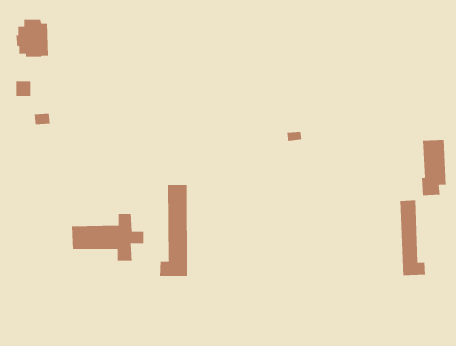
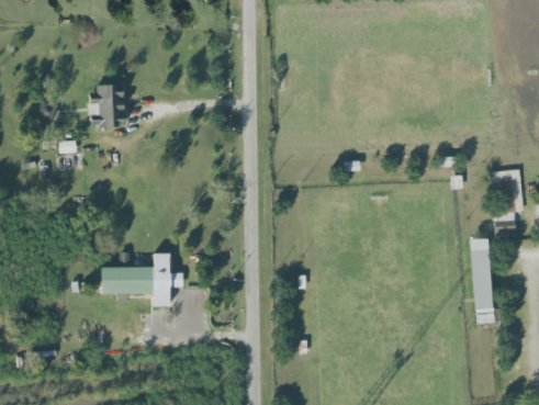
building: [16,19,49,57] -> [88,87,125,130]
building: [160,184,187,277] -> none

